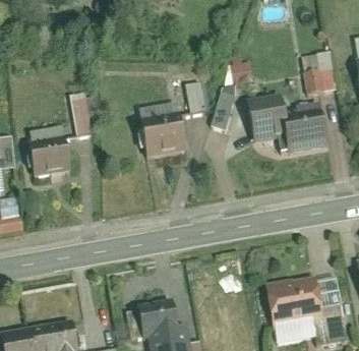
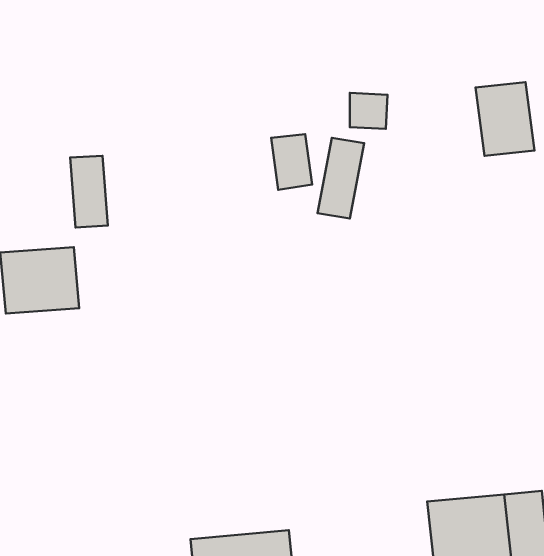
building: [248,98,321,156] -> none
building: [143,115,185,157] -> none

